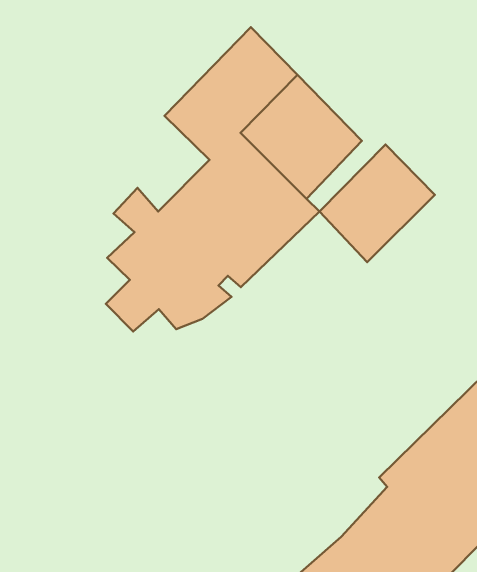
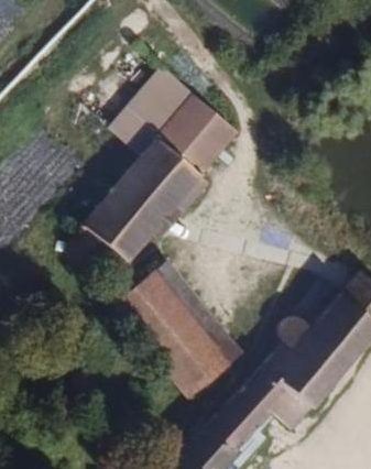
building: [319,144,435,262] -> none
building: none -> [111,262,236,392]

